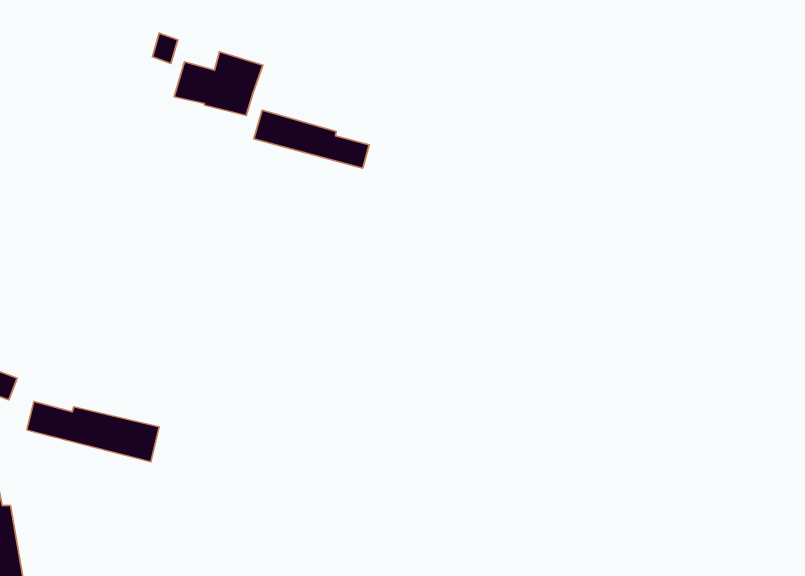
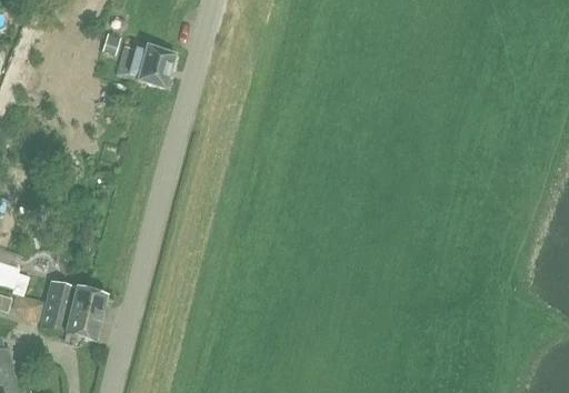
building: [254,110,369,168] -> none
building: none -> [11,291,101,337]

